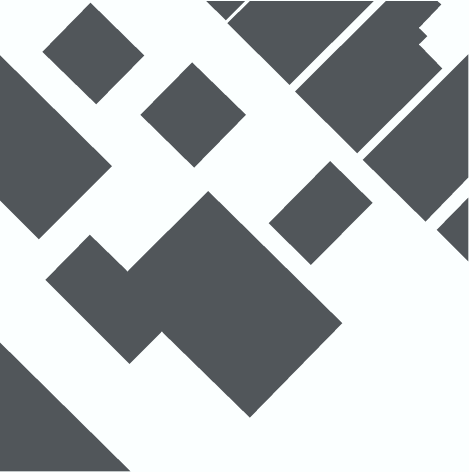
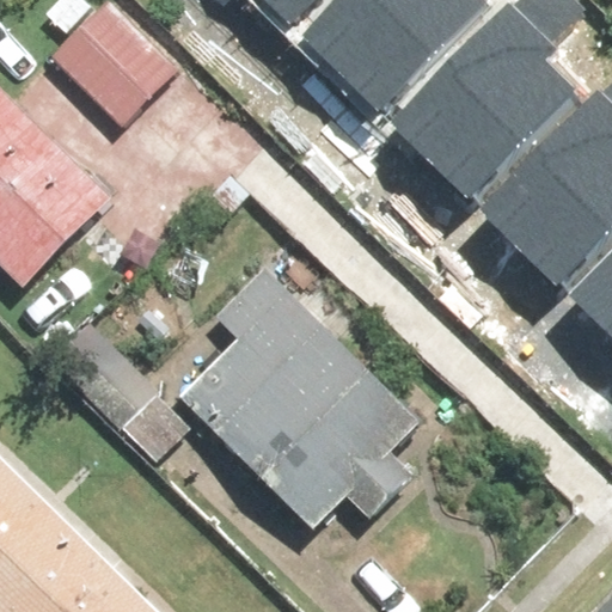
building: [140,61,247,168] -> none
building: [268,160,373,266] -> none

